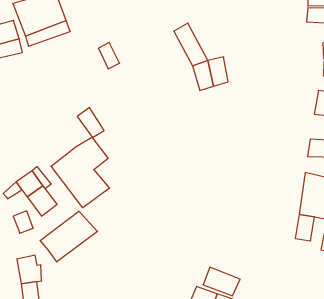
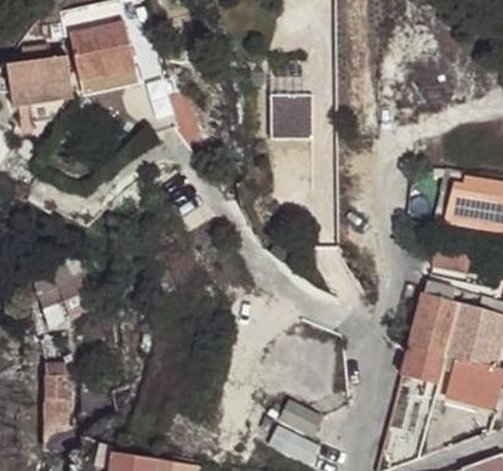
building: [51,137,109,208] -> none
building: [40,211,98,262] -> none

